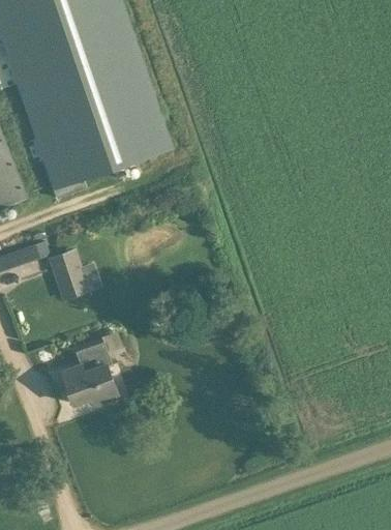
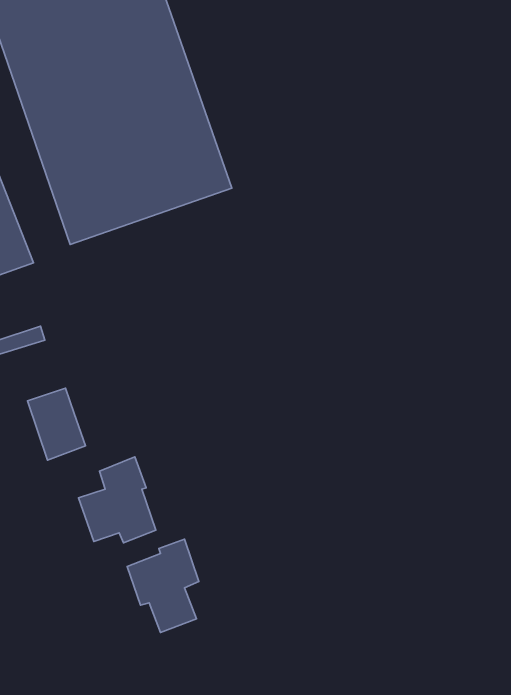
building: [47,252,89,304] -> [28,388,85,460]
building: none -> [127,539,199,632]

